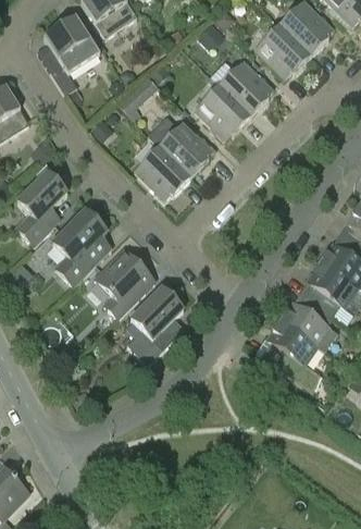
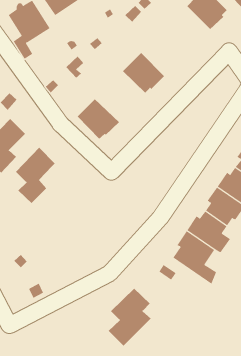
building: [254,24,311,78] -> none
building: [220,60,274,116] -> none
building: [149,119,213,177] -> none
building: [95,248,146,318] -> none
building: [127,287,185,365] -> [108,288,151,346]

